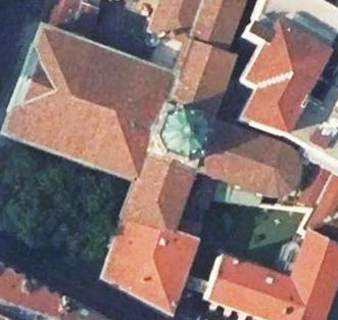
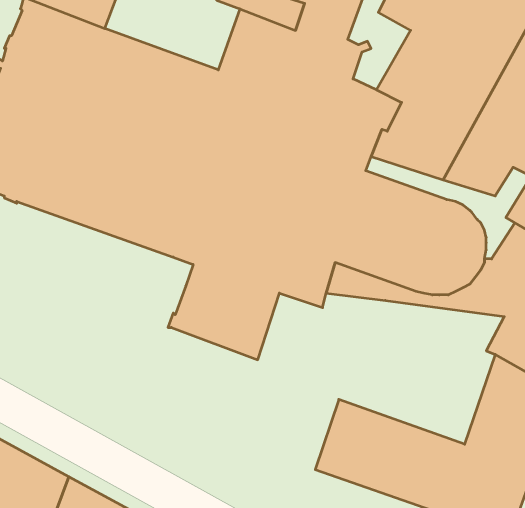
building: [103,196,210,314] -> none

